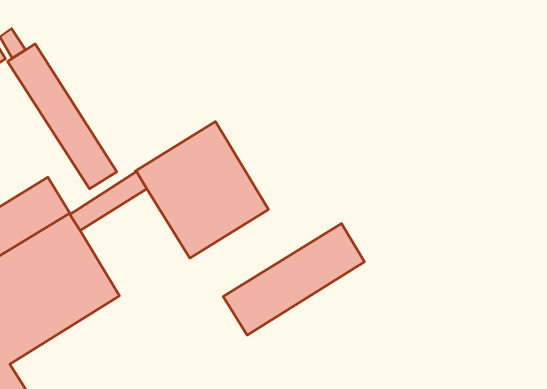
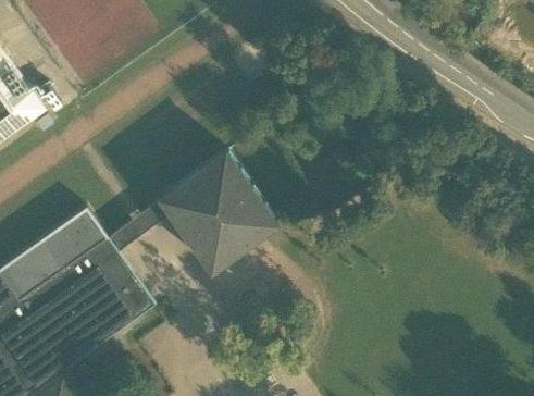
building: [7,44,117,189] -> none
building: [223,224,364,335] -> none

